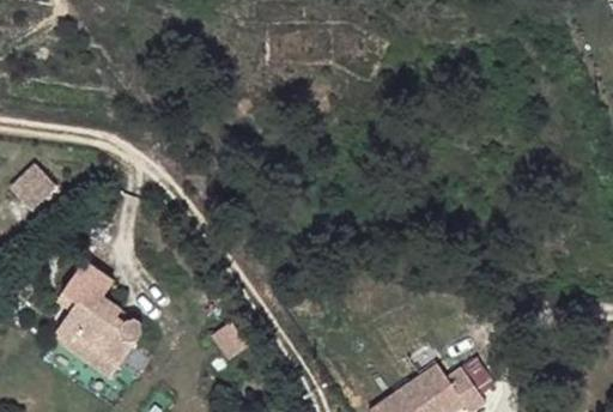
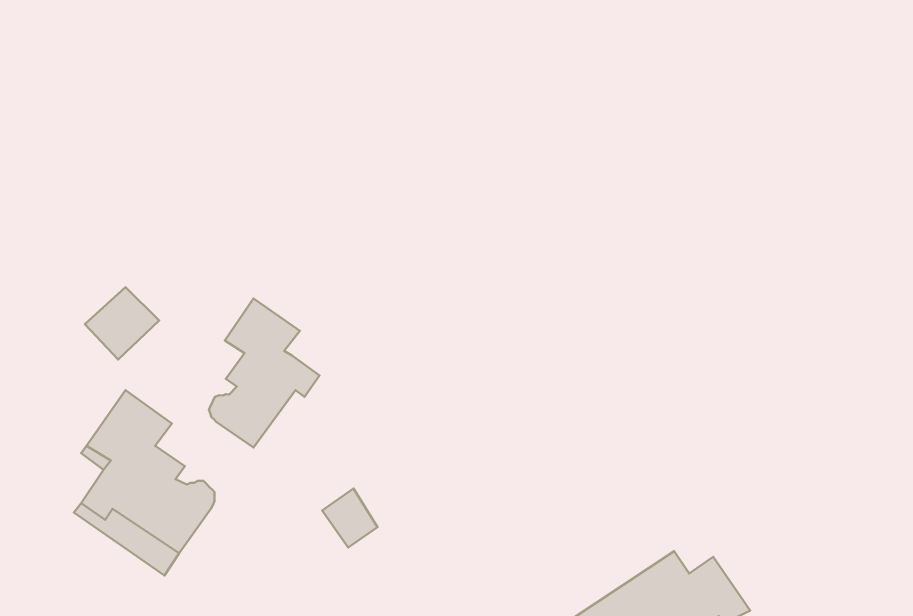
building: [10,163,57,210] -> [85,287,159,359]
building: none -> [209,299,319,447]

